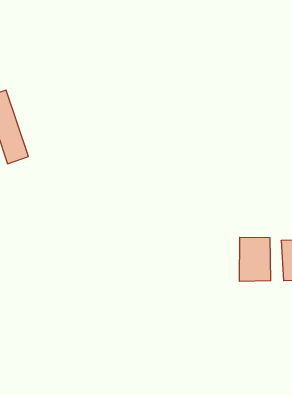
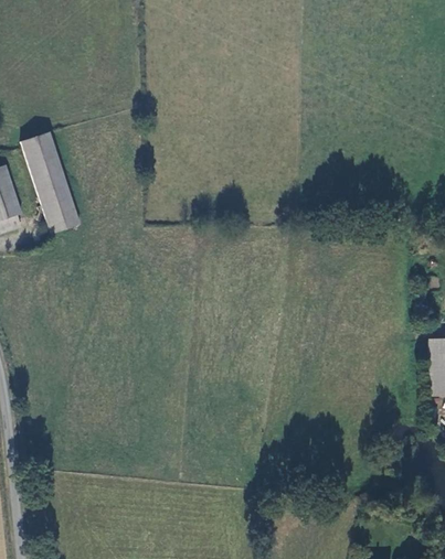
building: [239,237,271,281] -> none

